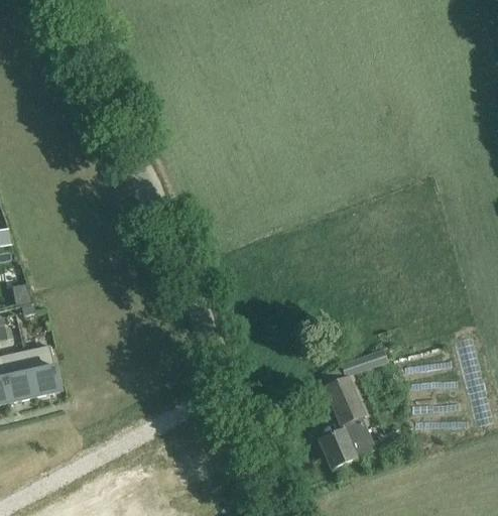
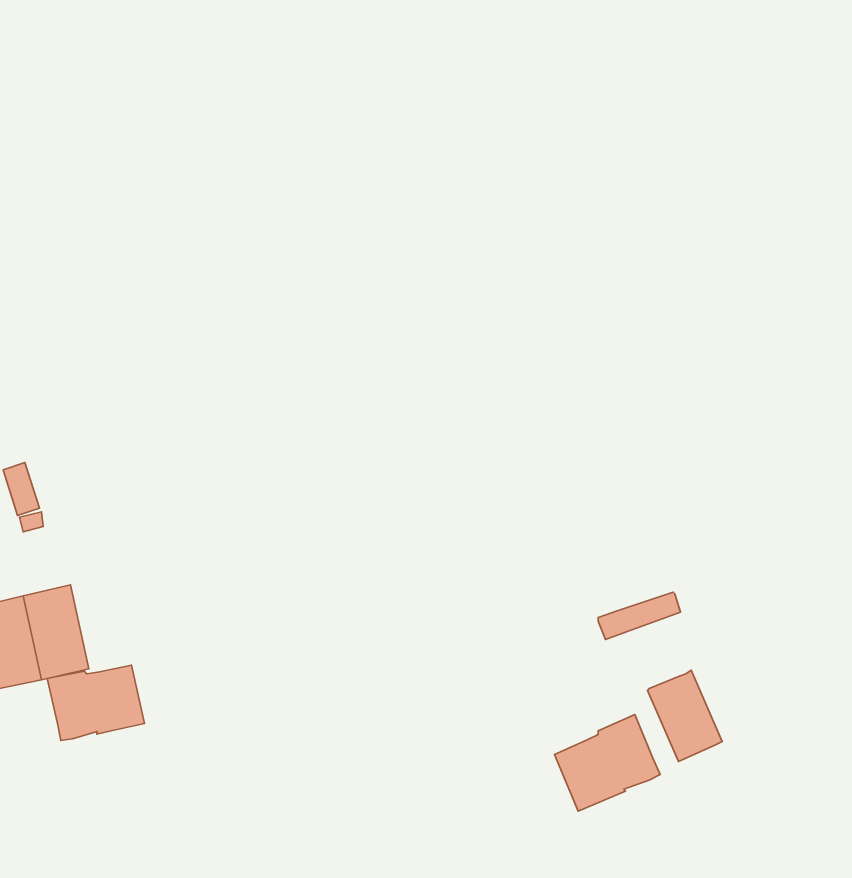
building: [324,375,365,425] -> [647,670,722,762]
building: none -> [47,665,145,740]

